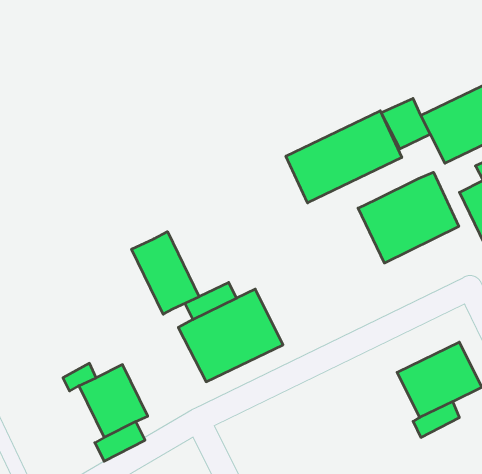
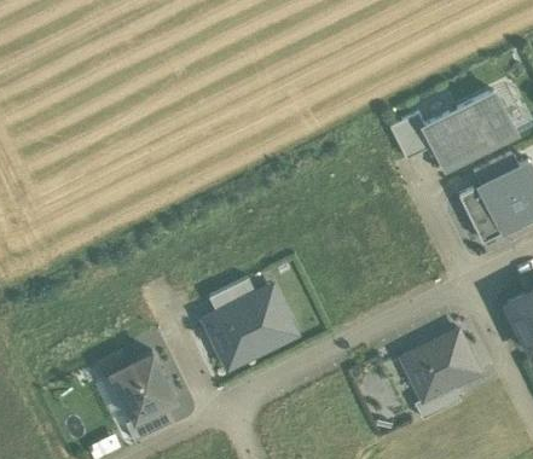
building: [286,111,402,203] -> none
building: [358,172,459,263] -> none
building: [132,232,199,314] -> none

